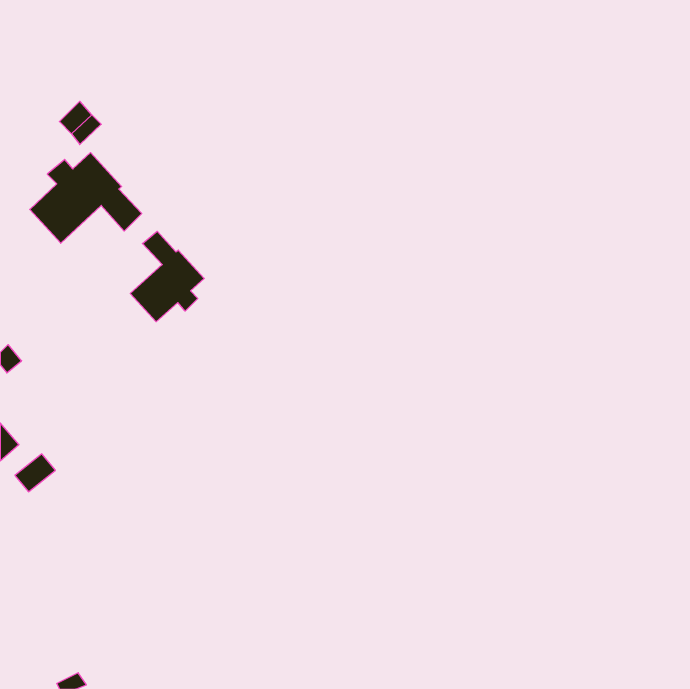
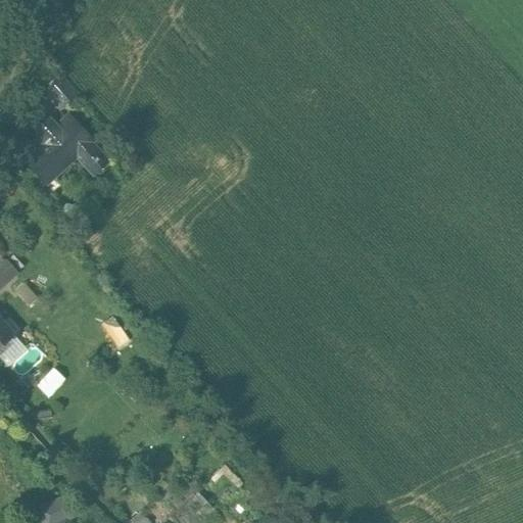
building: [130,231,204,322] -> none

